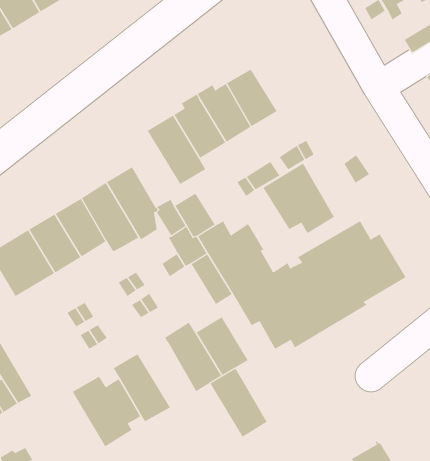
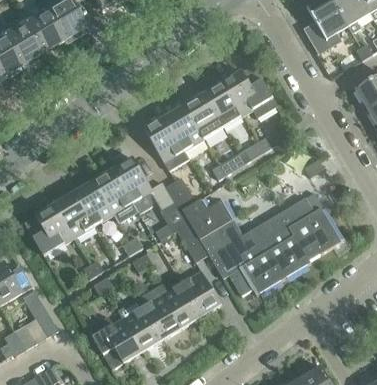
building: [262,163,335,234] -> [223,64,278,118]
building: [209,368,267,438] -> [137,287,181,340]

